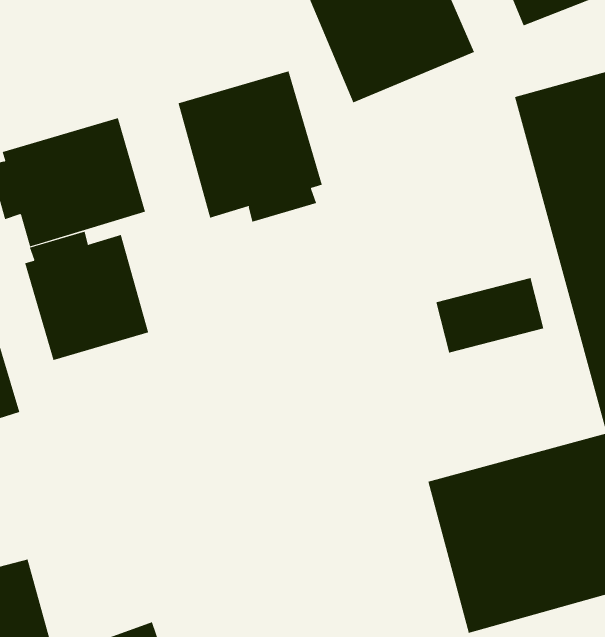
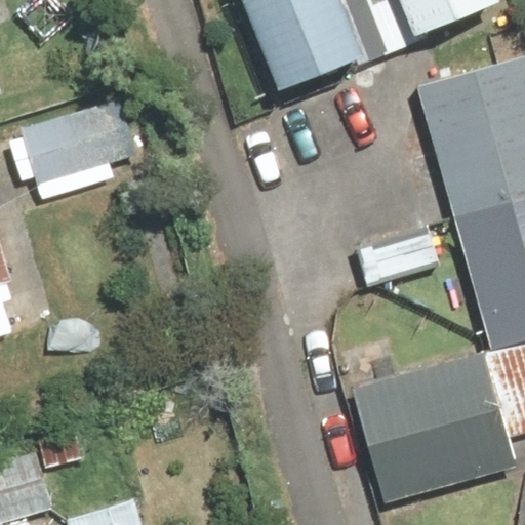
building: [178,70,322,223] -> none
building: [24,231,149,361] -> none

